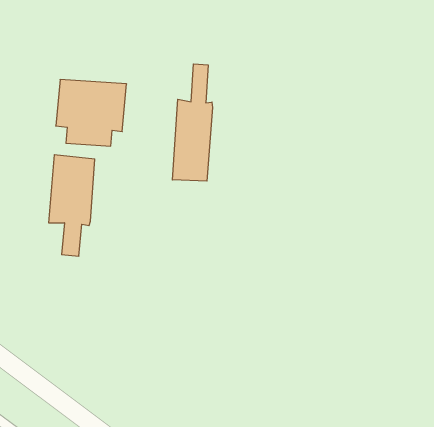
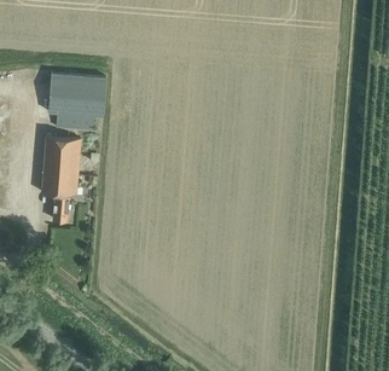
building: [172,64,213,181] -> none

